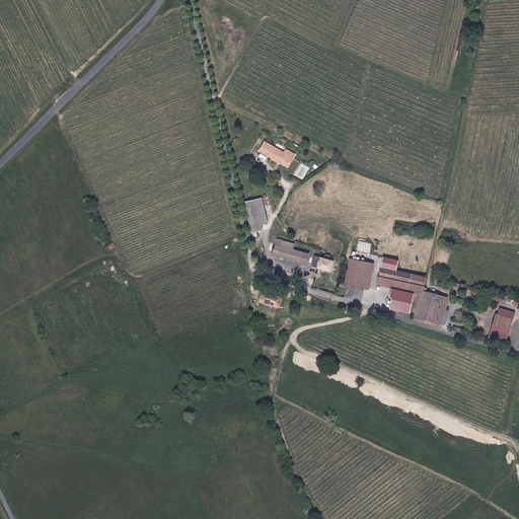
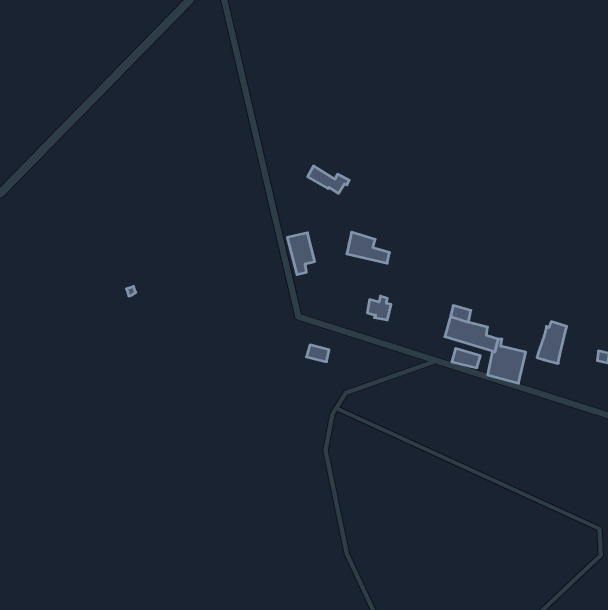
building: [272,238,308,265] -> [347,232,390,263]
building: [345,257,373,287] -> none
building: [489,307,514,343] -> [537,322,567,363]

